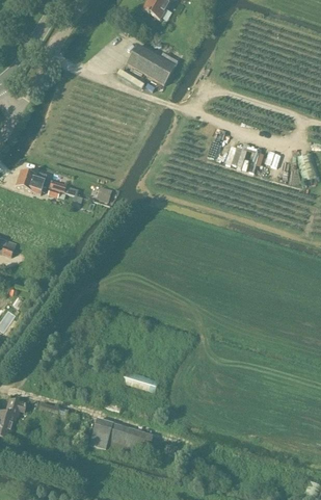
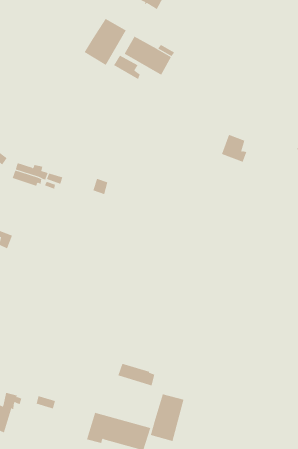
building: none -> [84,18,127,66]
building: none -> [150,393,184,442]

